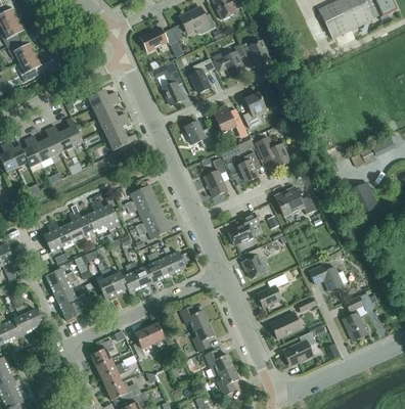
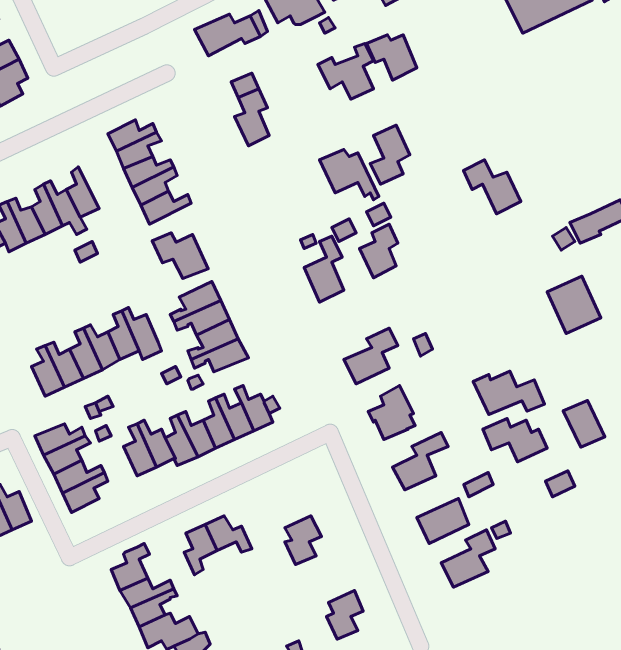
building: [190,57,215,92] -> none
building: [184,120,215,146] -> none
building: [256,136,289,168] -> [464,160,521,214]
building: none -> [152,233,208,278]
building: [274,189,316,215] -> [473,371,544,415]
building: [180,305,208,329] -> none
building: [343,312,367,339] -> [563,400,605,447]
building: [205,349,233,373] -> none

